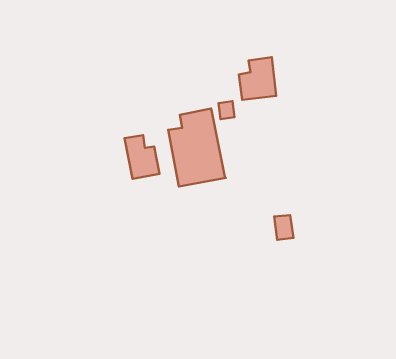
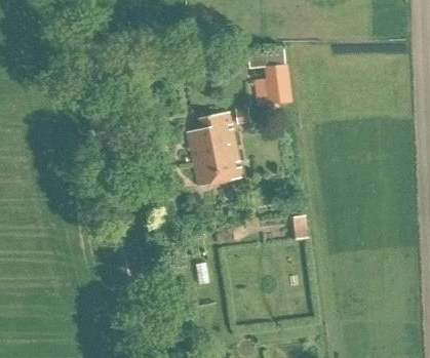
building: [125,135,159,179] -> none

